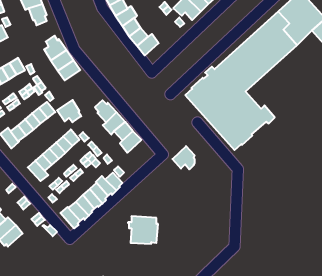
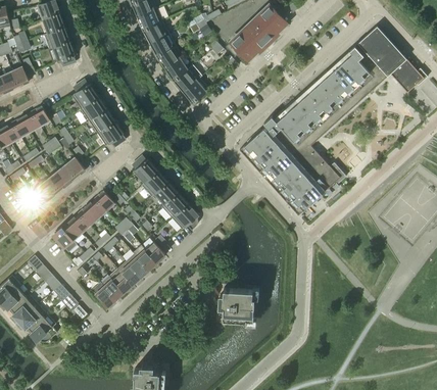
building: [57,100,81,122] -> [96,120,125,147]
building: [172,146,195,169] -> [171,203,197,231]
building: [128,216,158,244] -> [218,288,254,321]
building: none -> [29,314,57,342]

